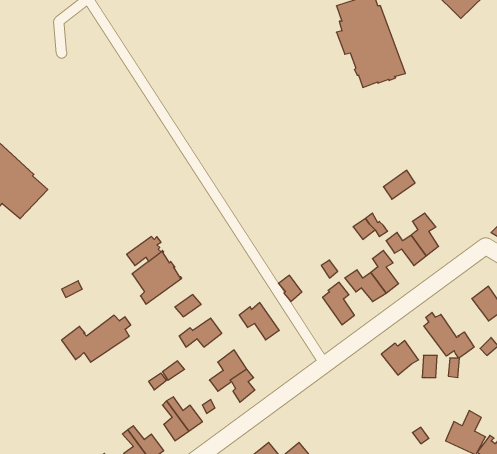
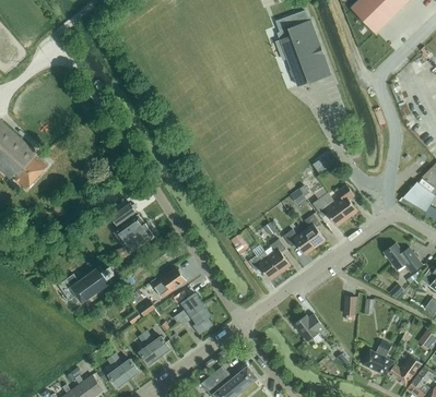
building: [239,303,279,340] -> [249,251,281,280]
building: [424,312,474,358] -> none
building: [381,341,419,375] -> [295,313,325,340]

